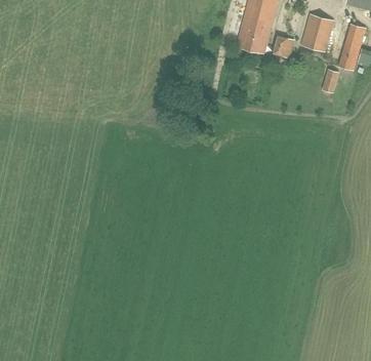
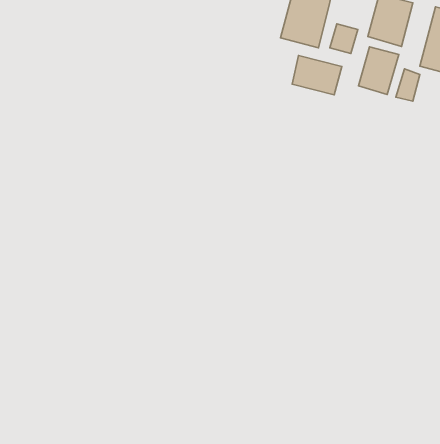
building: none -> [359,47,399,94]
building: none -> [292,55,342,95]

